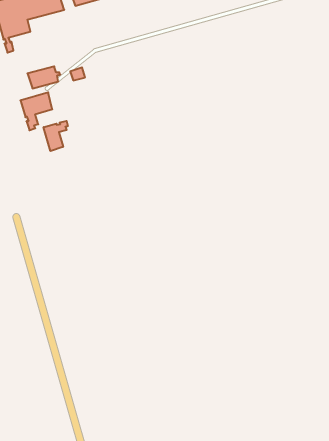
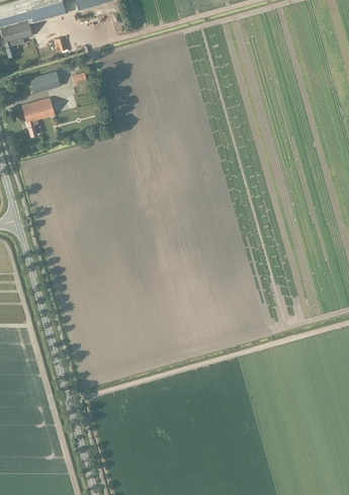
building: [44,121,68,151] -> none

